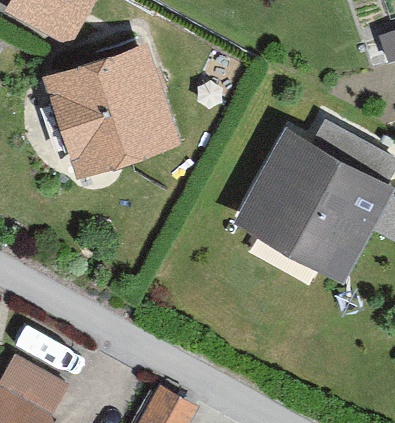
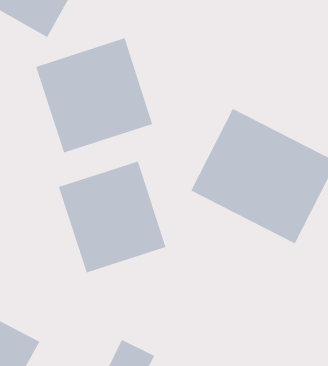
building: none -> [58,160,167,274]

